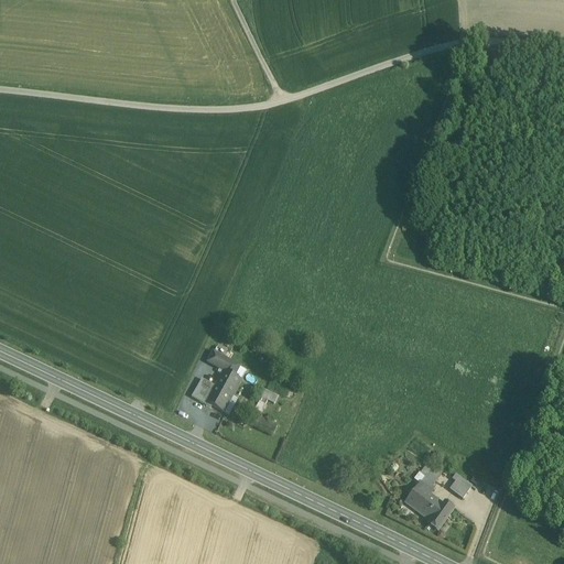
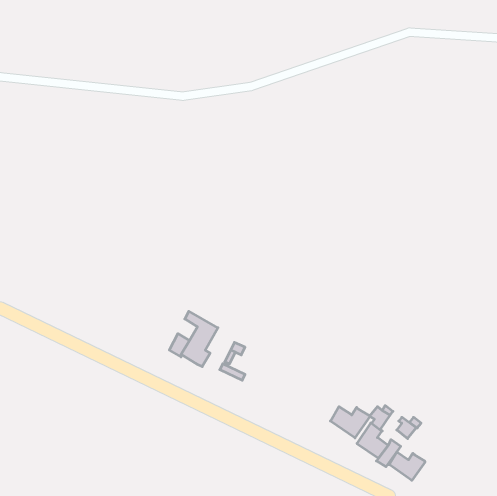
building: none -> [330,407,370,438]
building: none -> [389,452,425,480]

